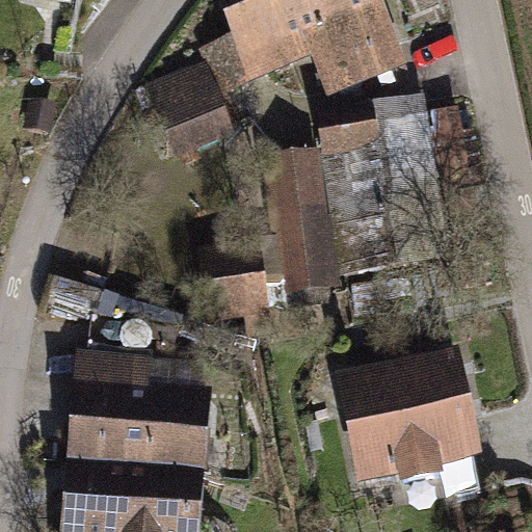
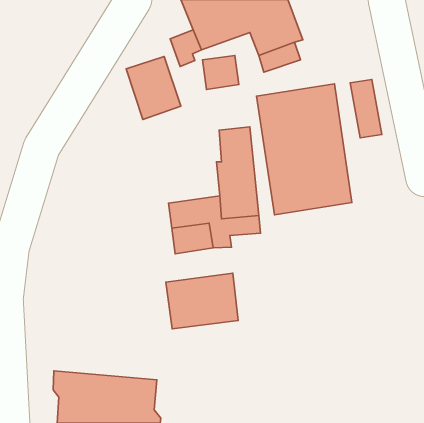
building: none -> [166,273,238,329]
building: [68,361,212,476] -> none
building: [345,363,475,484] -> none

